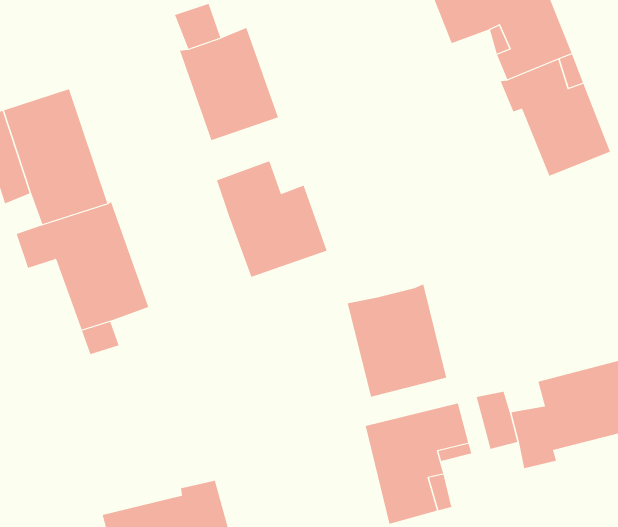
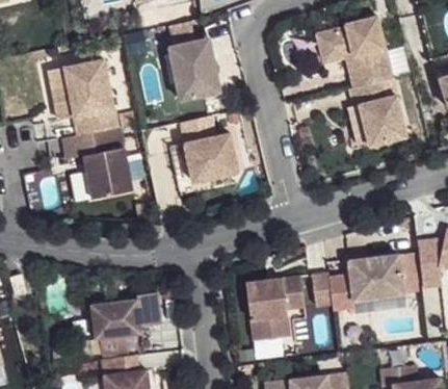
building: [347,283,447,398] -> none

